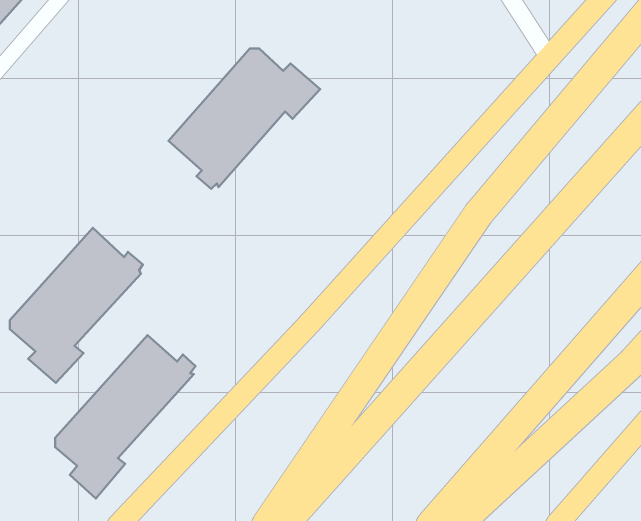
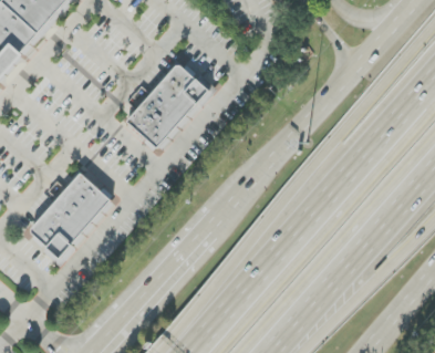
building: [55,335,196,498] -> none

